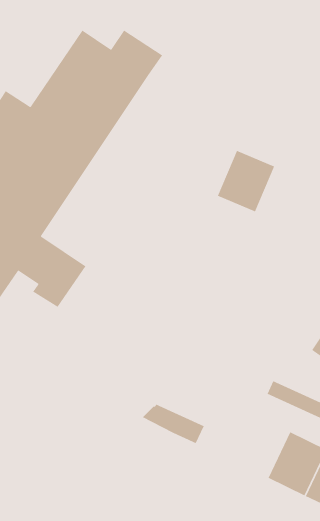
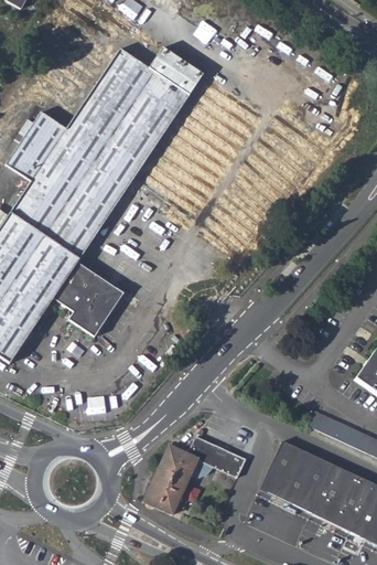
building: [217,150,275,212] -> none
building: none -> [259,440,334,513]
building: none -> [143,445,213,515]

